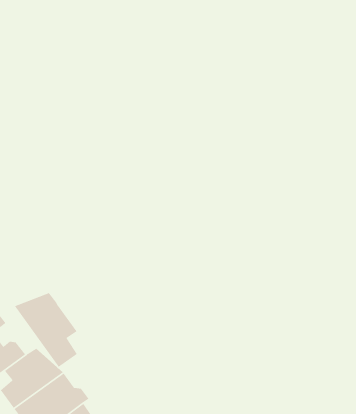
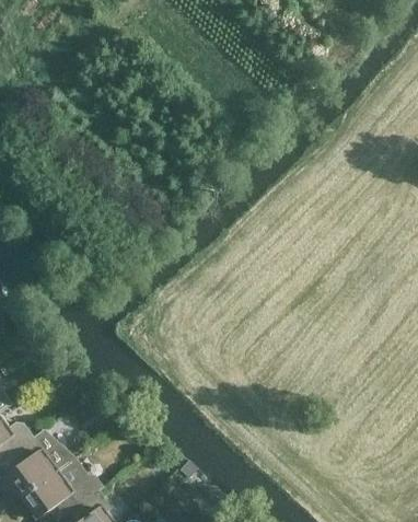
building: [14,292,87,368] -> none

